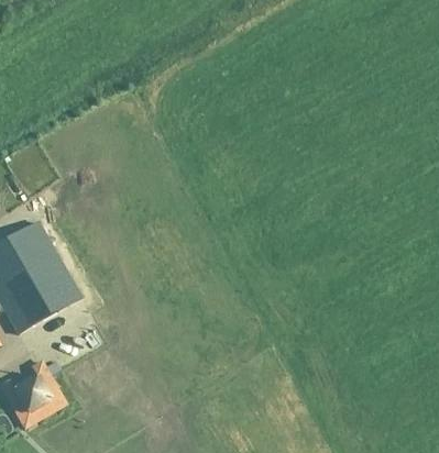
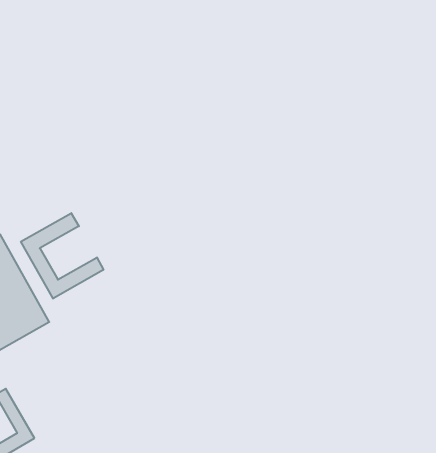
building: none -> [21,213,103,299]

